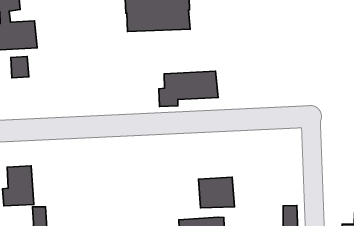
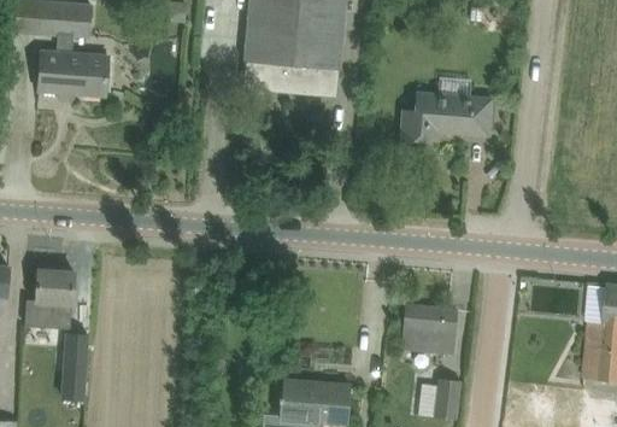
building: [11,56,29,78] -> none
building: [159,71,218,107] -> [400,89,490,140]
building: [198,177,234,208] -> [404,304,457,352]

